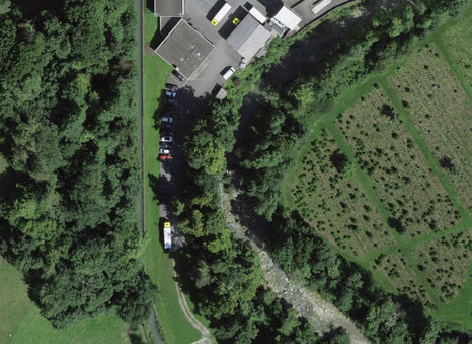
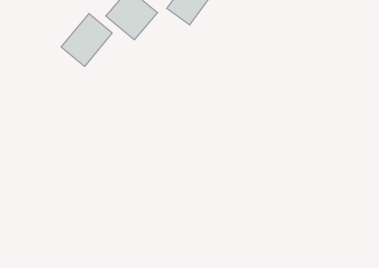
building: none -> [61,13,112,66]

